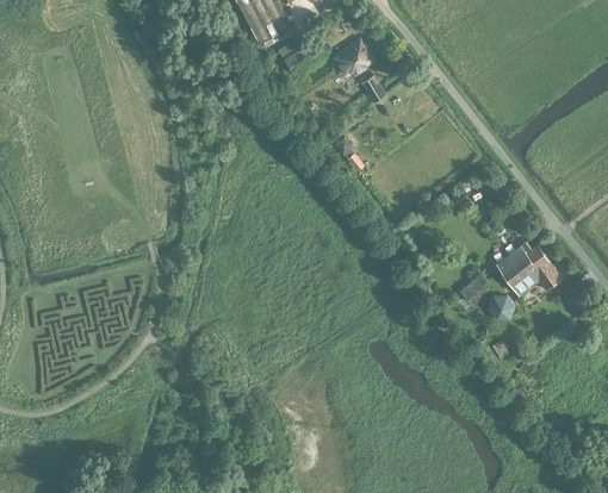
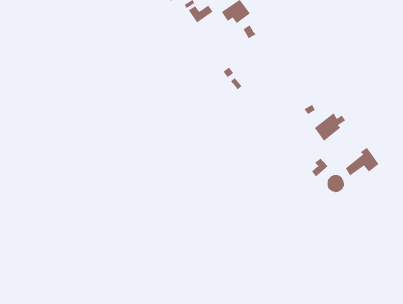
building: [497,241,544,283] -> [314,112,346,142]

